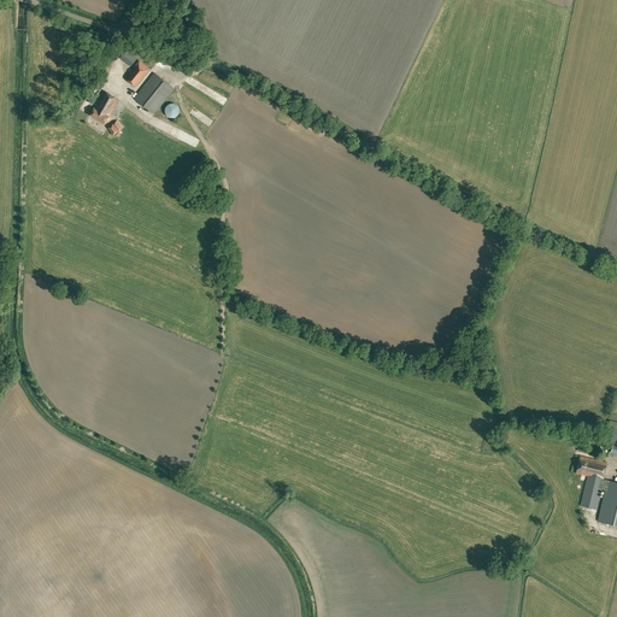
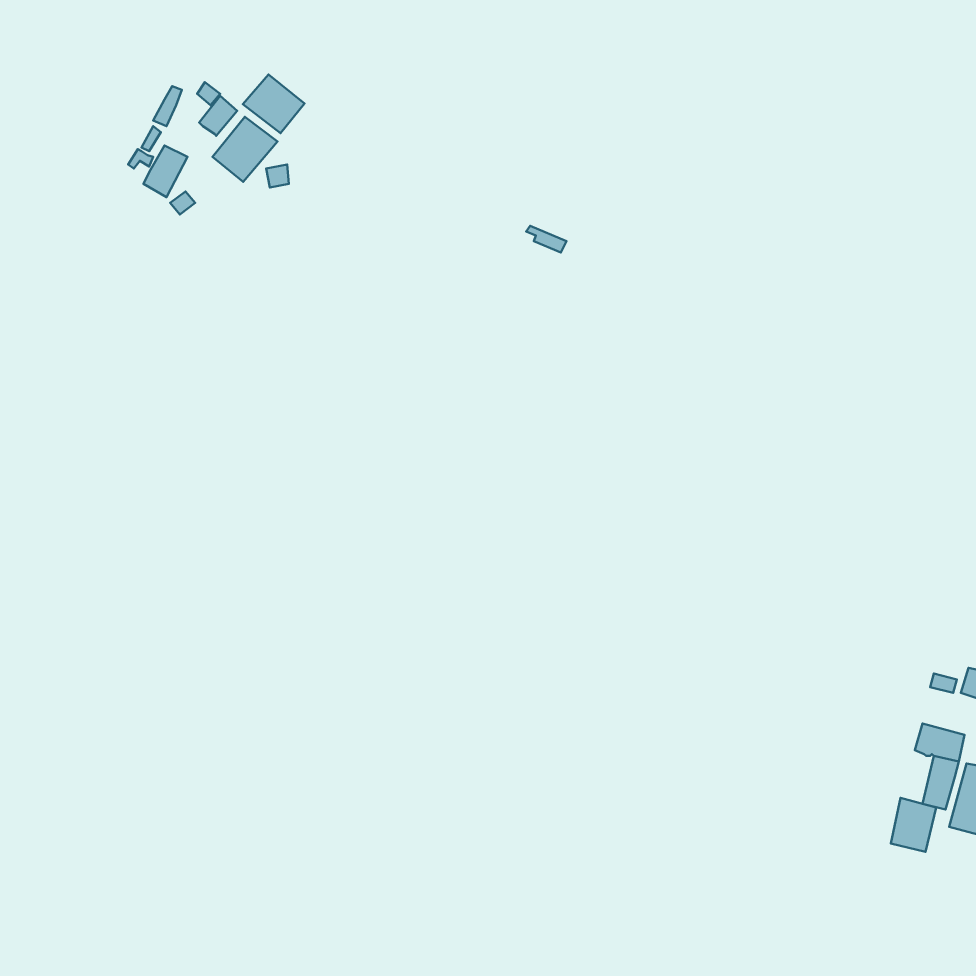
building: none -> [243,74,304,133]
building: none -> [891,798,936,852]

